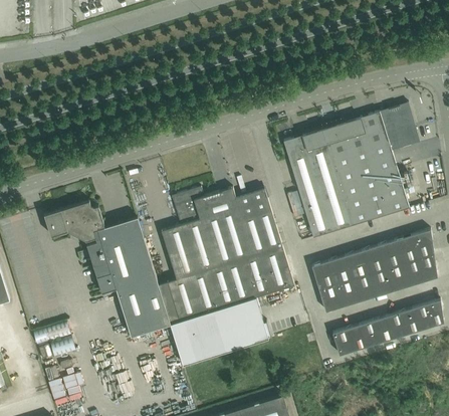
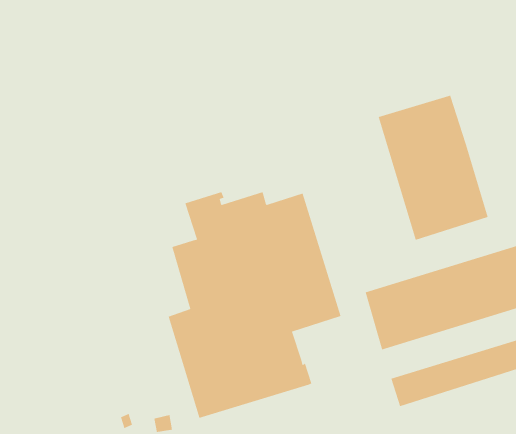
building: [380,103,419,151] -> none
building: [283,130,352,238] -> none
building: [44,201,171,337] -> none

